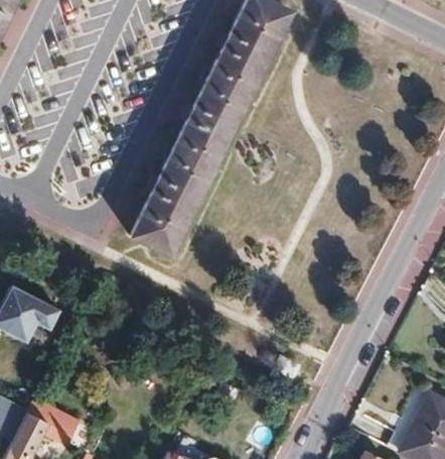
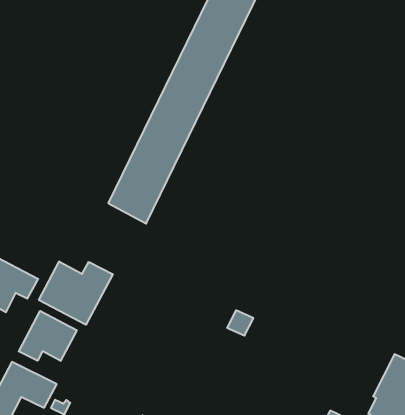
building: none -> [39,261,113,325]
building: none -> [19,311,77,361]

